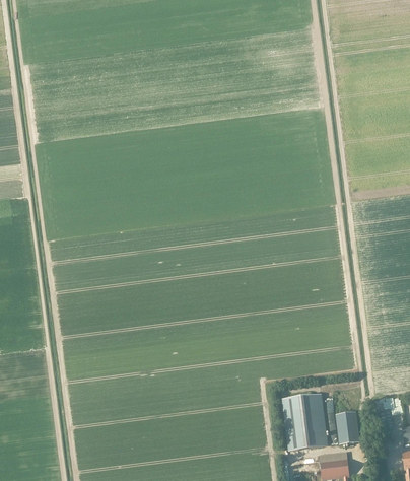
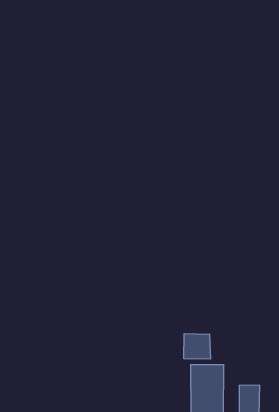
building: none -> [184,334,210,359]

